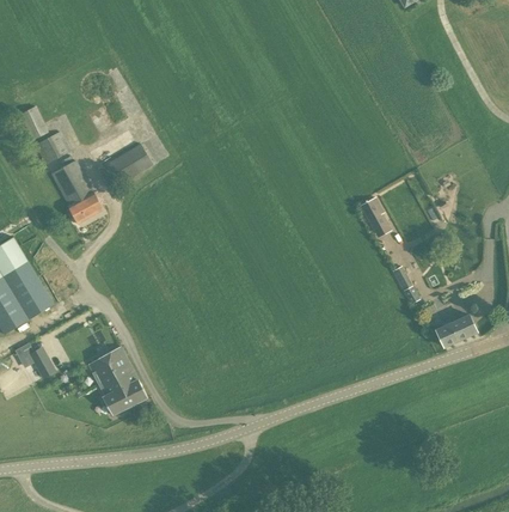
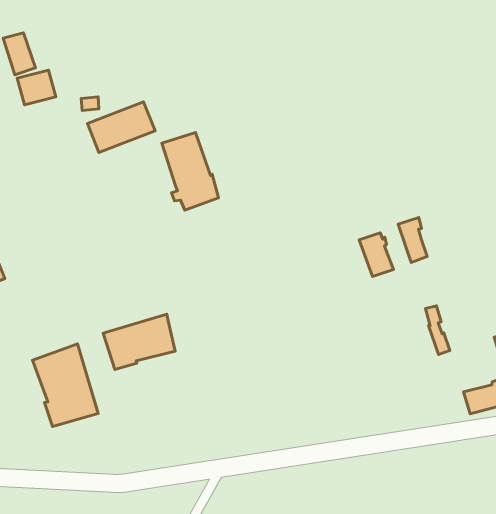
building: [50,159,103,223] -> [162,132,218,210]
building: none -> [359,233,394,276]
building: none -> [103,314,175,369]

